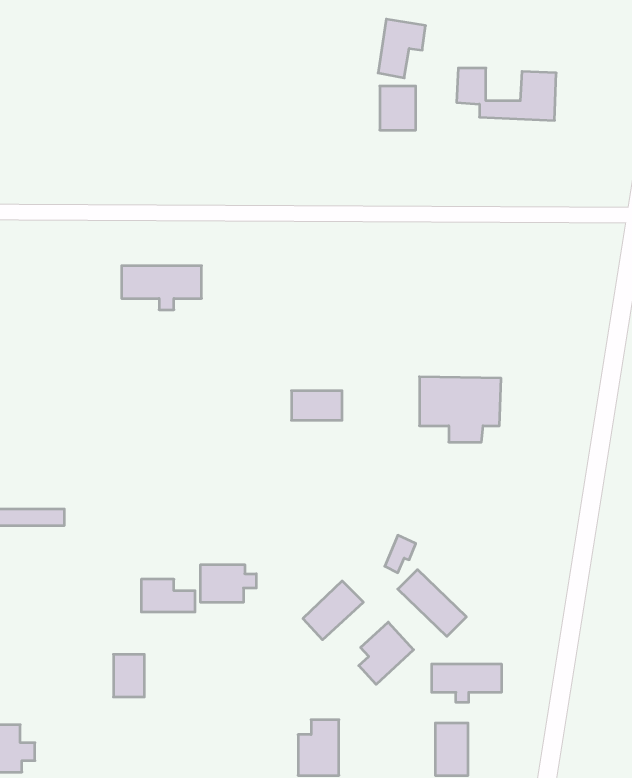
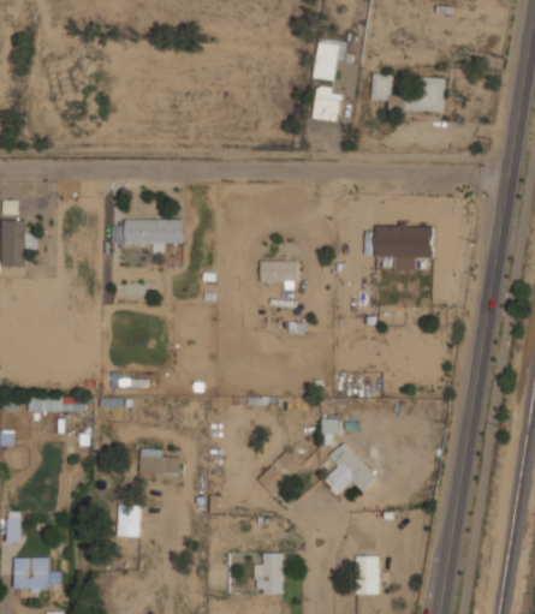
building: [419,377,501,442] -> [374,222,434,270]
building: [291,391,342,420] -> [260,262,297,284]
building: [201,565,256,602] -> none
building: [359,622,414,684] -> none
building: [432,664,501,702] -> none

